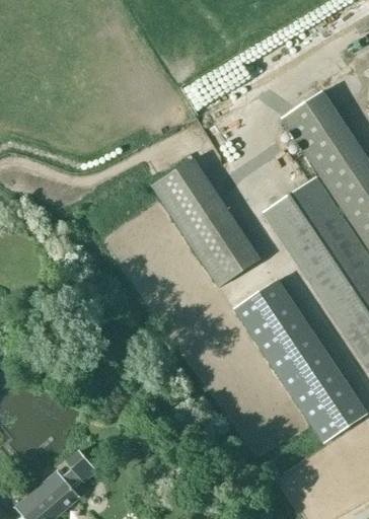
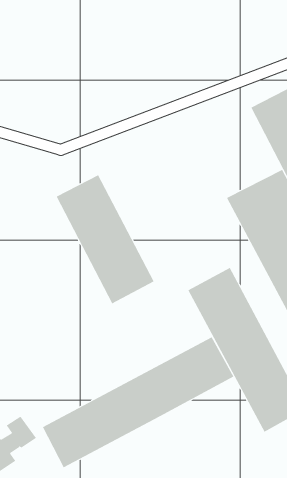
building: [152,158,260,287] -> [56,175,155,304]
building: none -> [42,336,234,468]

